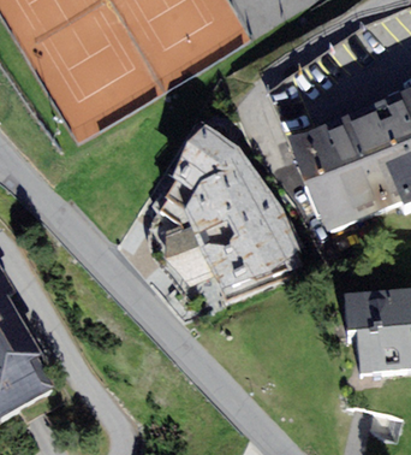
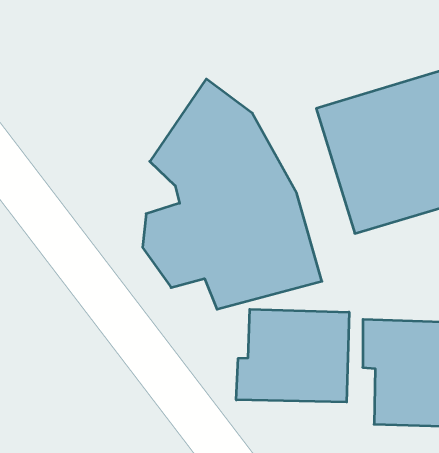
building: none -> [236,309,349,402]

